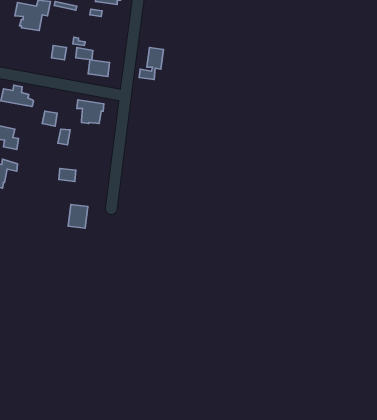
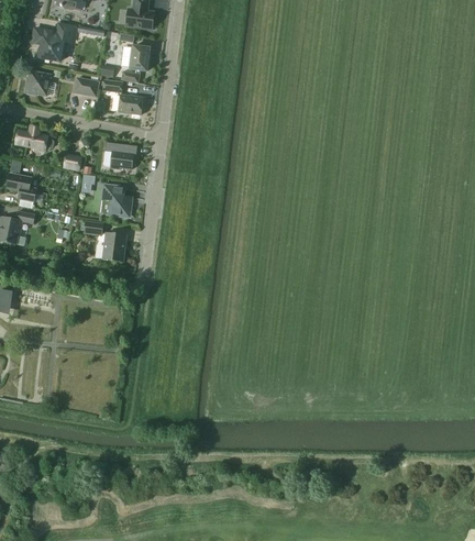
building: none -> [25,70,52,96]
building: [139,48,164,79] -> [121,46,150,84]
building: none -> [103,186,131,217]
building: [68,205,88,228] -> [102,232,125,260]

